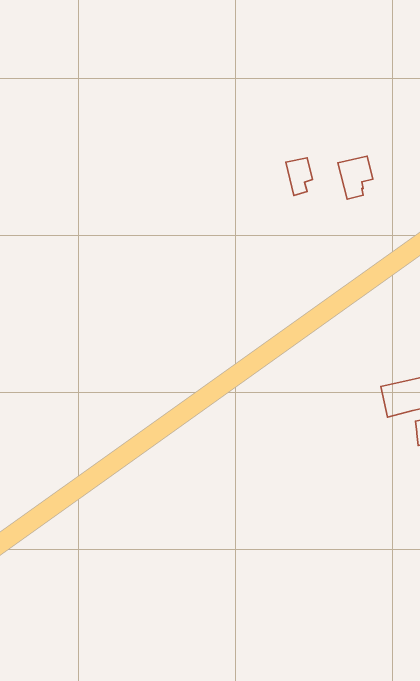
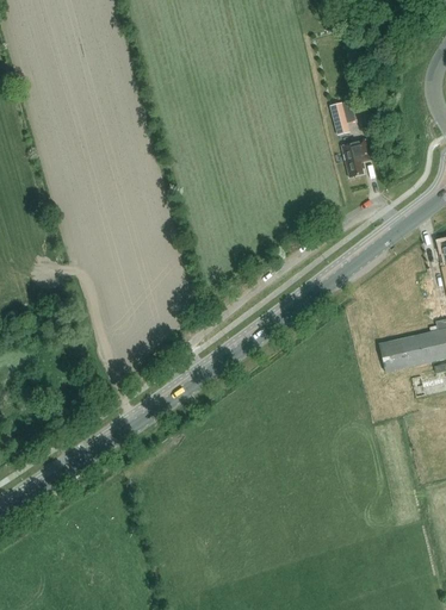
building: [286,158,313,195] -> [330,101,354,135]

